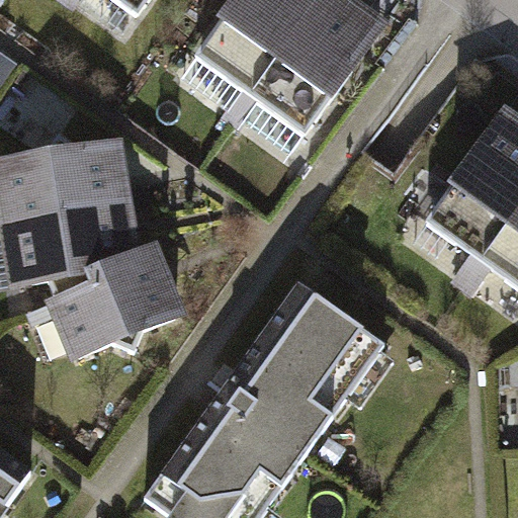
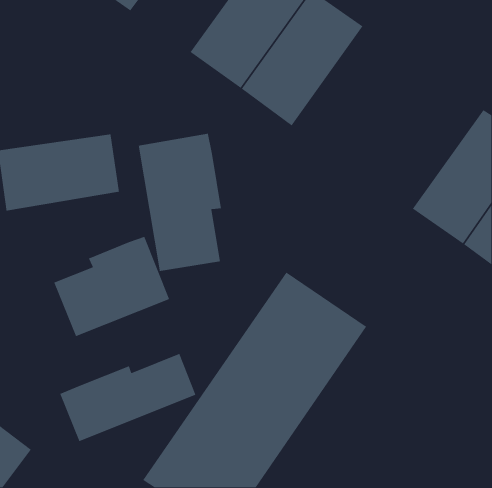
building: none -> [138,133,222,272]
building: [6,201,135,295] -> none
building: none -> [59,353,196,442]

